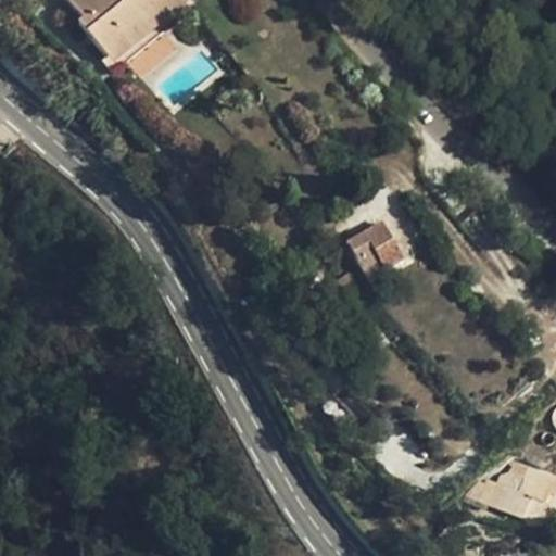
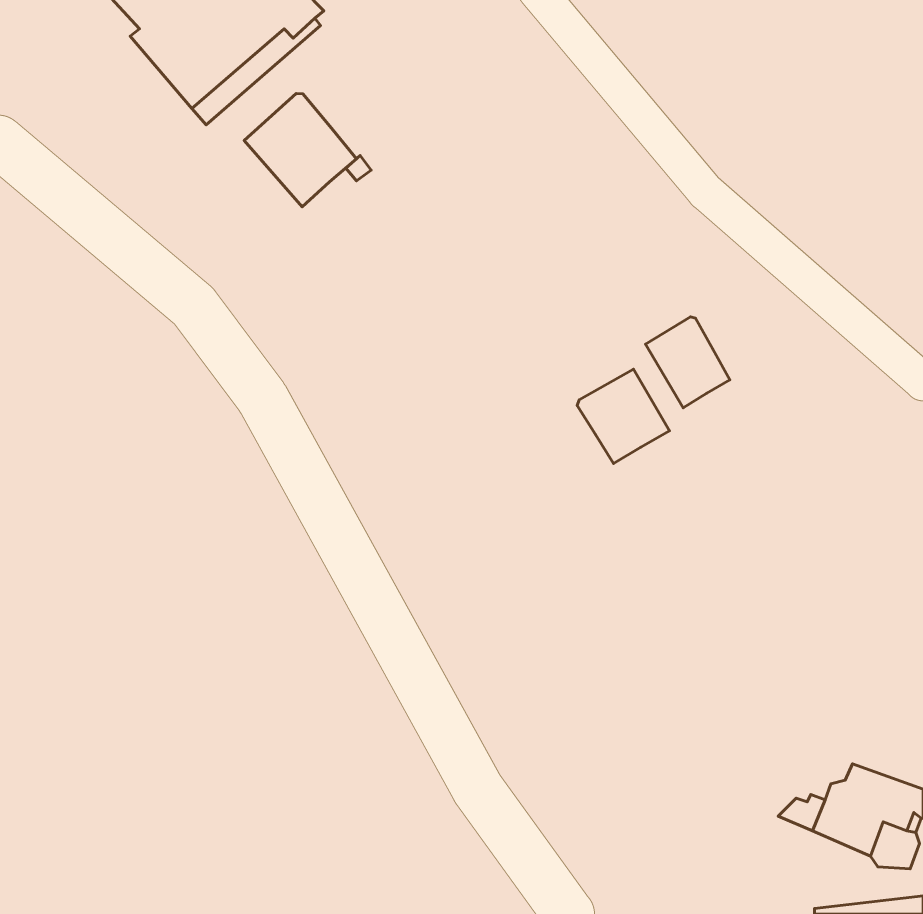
building: none -> [244,94,357,207]
building: none -> [646,317,730,408]

